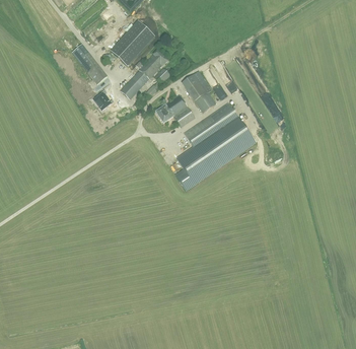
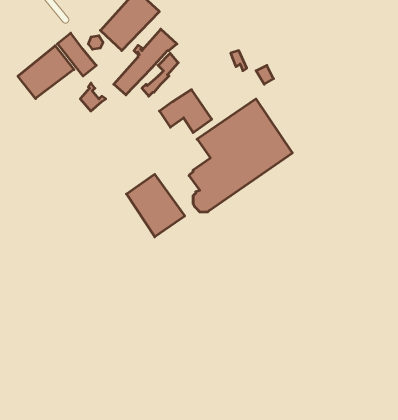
building: none -> [18,46,74,99]
building: [182,73,214,113] -> none
building: none -> [126,174,185,237]

